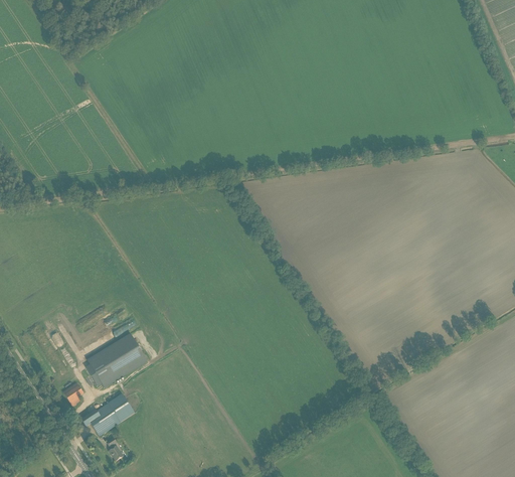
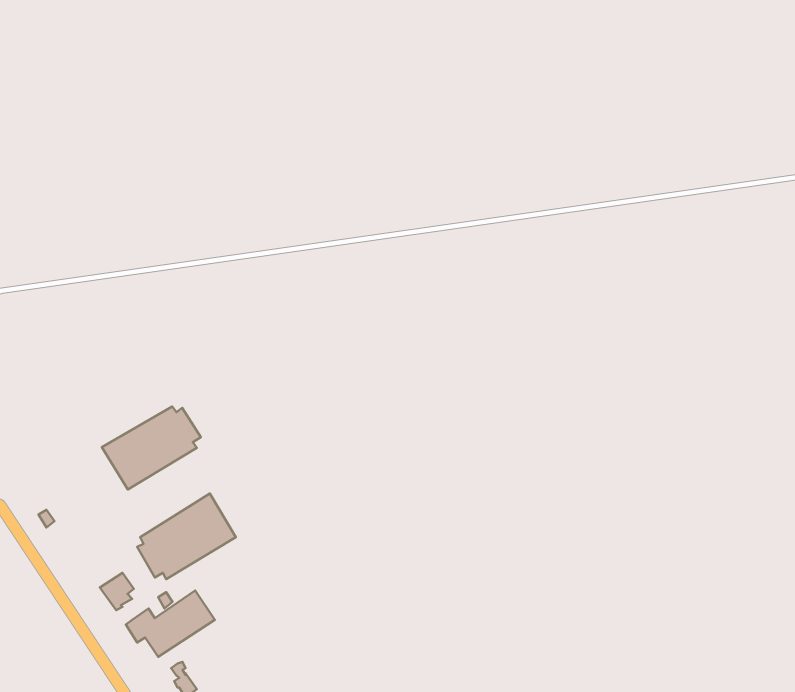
building: none -> [102,406,201,489]

